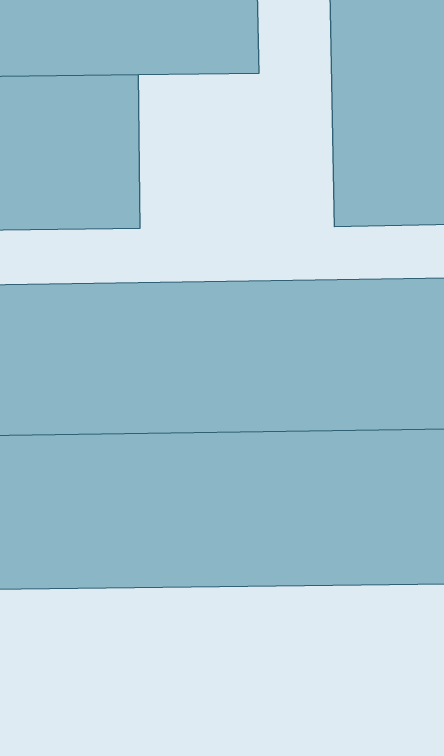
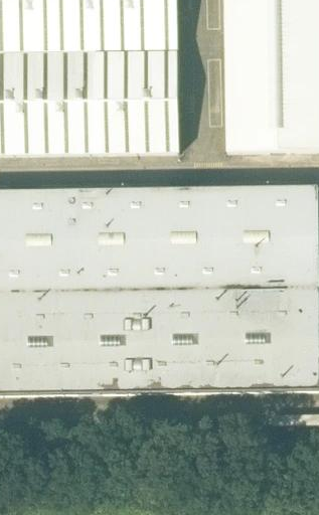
building: none -> [96,49,178,153]

